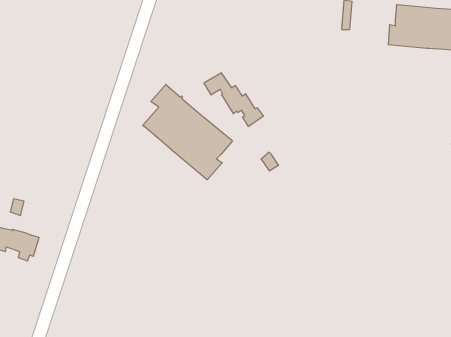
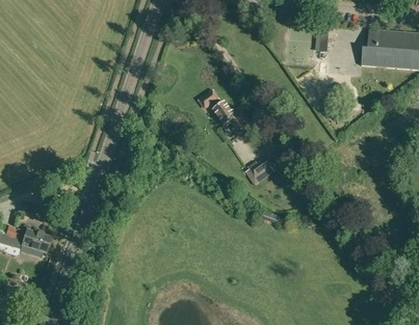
building: [143,84,232,180] -> none

